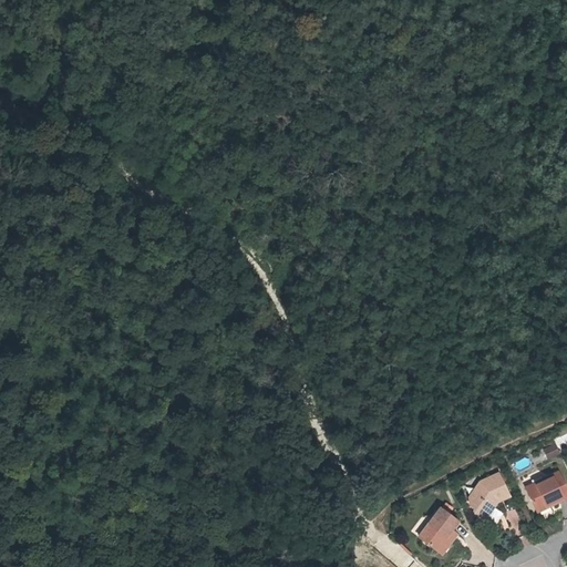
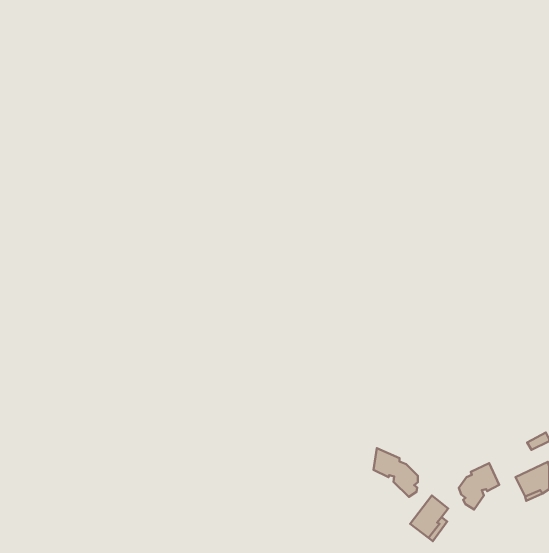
building: none -> [374,448,418,497]

